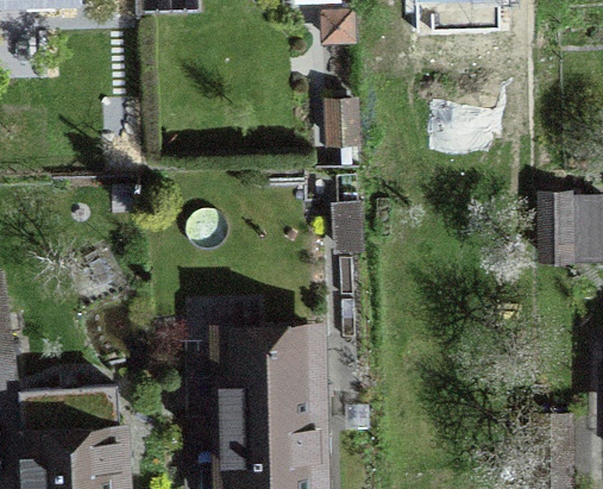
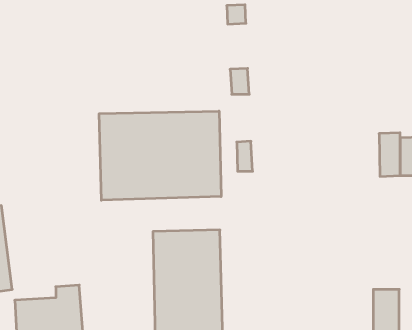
building: none -> [99,111,221,200]

